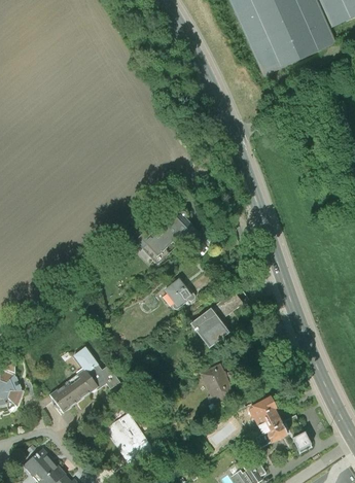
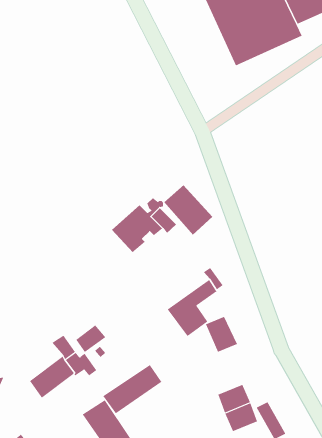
building: none -> [164,184,213,235]
building: [166,279,192,307] -> none
building: none -> [75,324,106,353]
building: [202,365,235,402] -> [205,316,238,352]
building: none -> [103,364,162,414]

